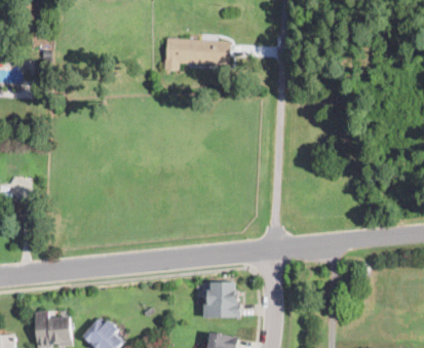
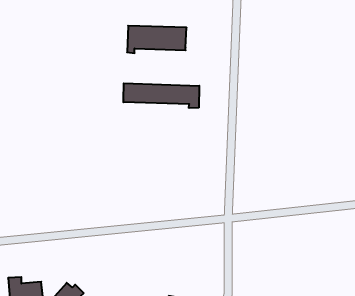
building: none -> [123,83,199,108]
building: [202,281,239,317] -> none

